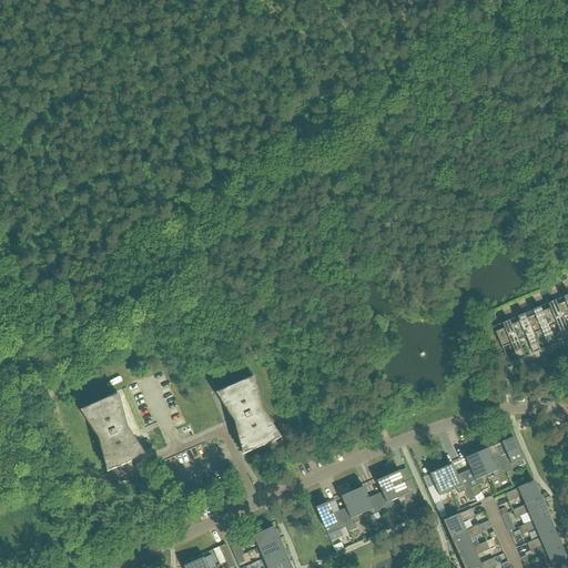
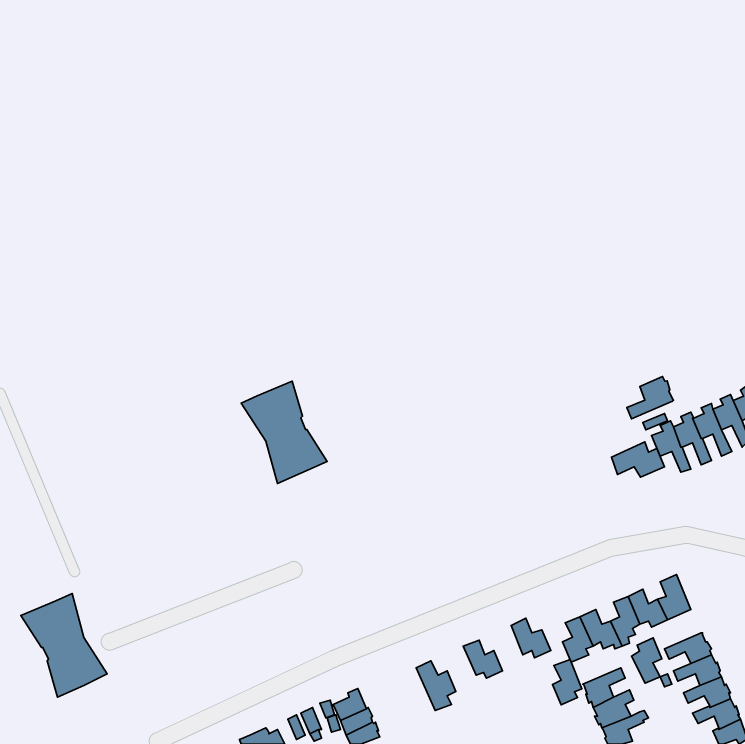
building: none -> [627,377,674,419]
building: none -> [611,442,664,477]
building: [216,376,282,454] -> [241,381,327,484]
building: [81,393,146,471] -> [21,594,107,697]
building: [376,475,398,509] -> [553,660,582,705]
building: none -> [632,638,662,683]
building: [341,490,363,525] -> none

